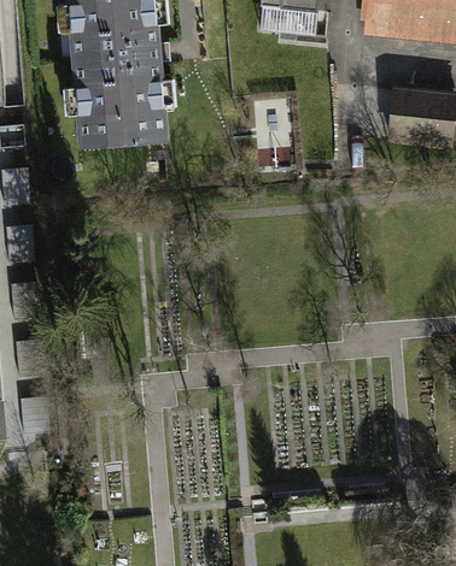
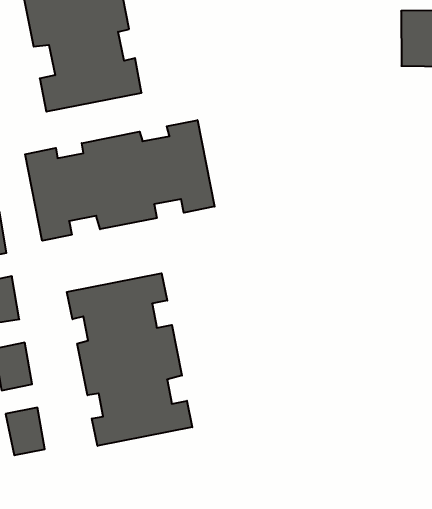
building: none -> [25,120,215,241]
building: none -> [67,273,192,446]

